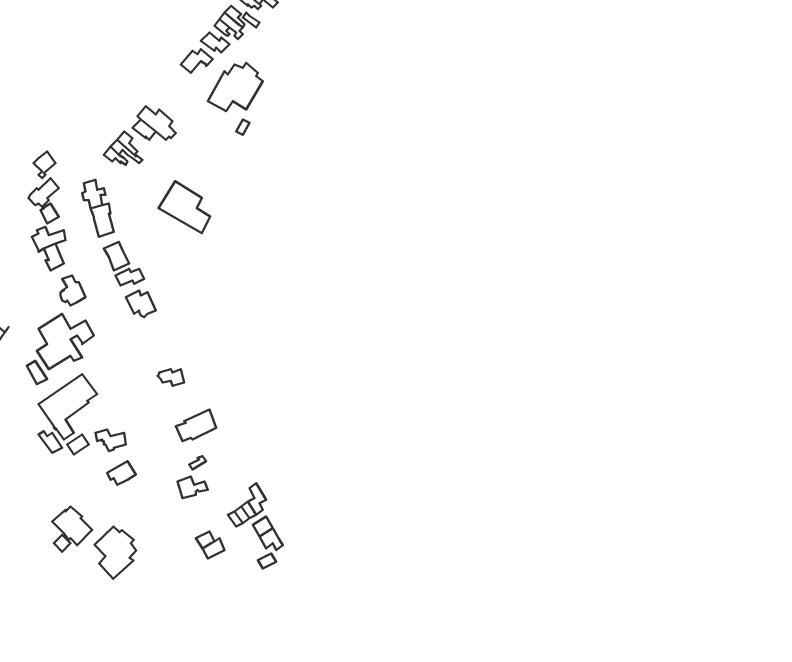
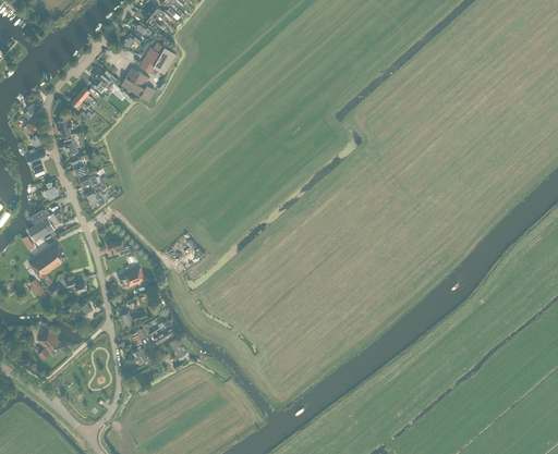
building: [158,181,210,233] -> [121,66,155,100]
building: [94,527,136,579] -> none

